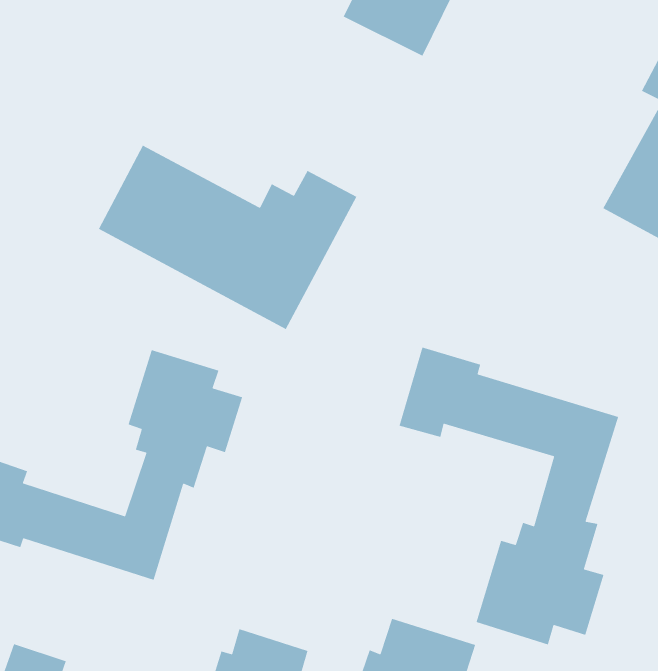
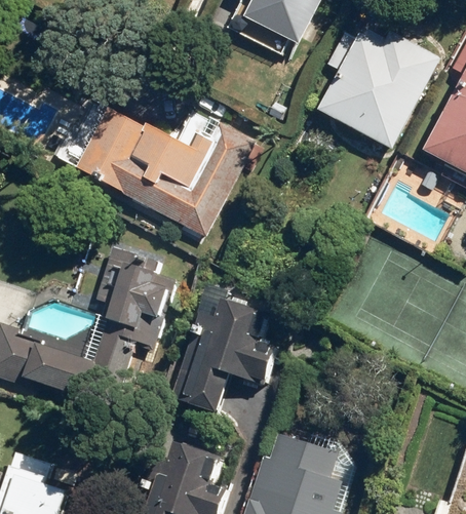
building: none -> [317,28,440,150]
building: [398,346,619,645] -> none
building: none -> [172,296,277,410]

